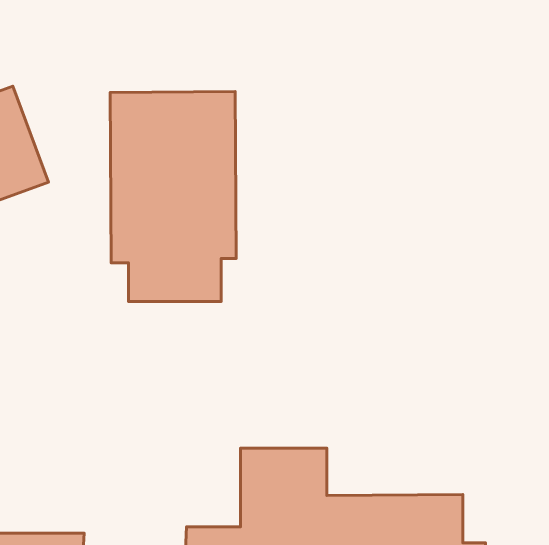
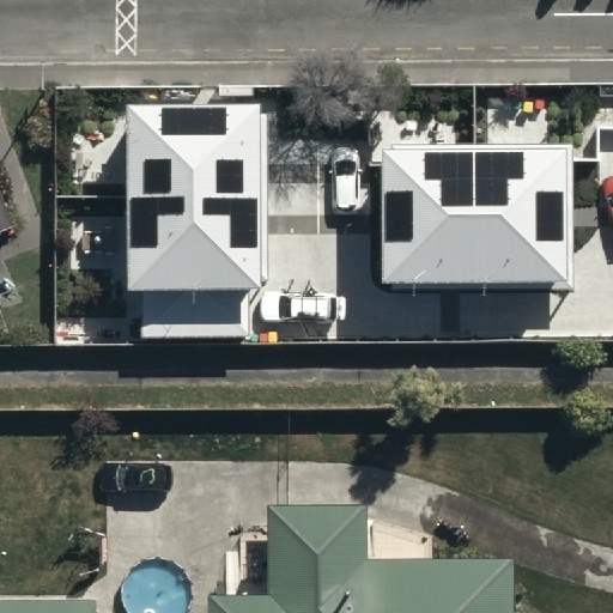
building: none -> [380,153,568,291]

